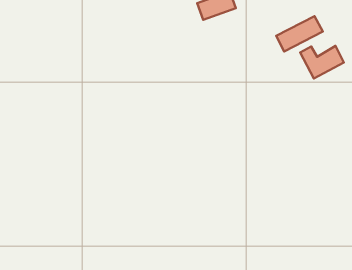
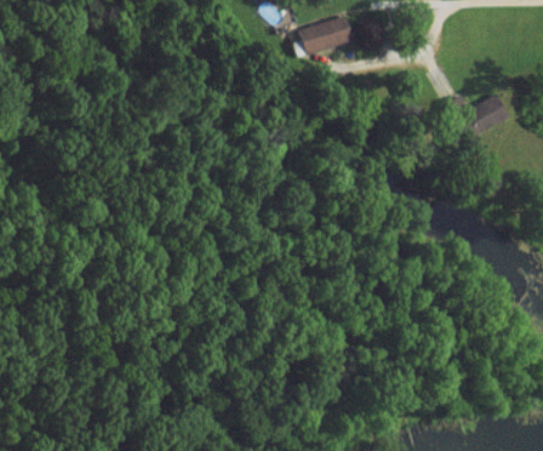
building: [276,16,323,51] -> none

